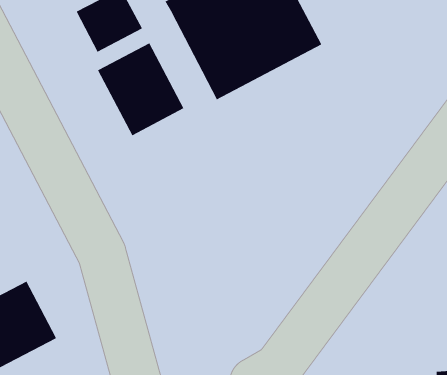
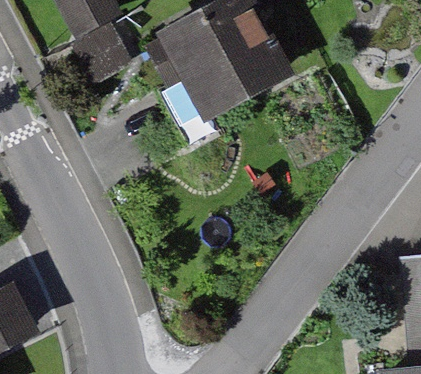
building: [97,43,184,136] -> none

